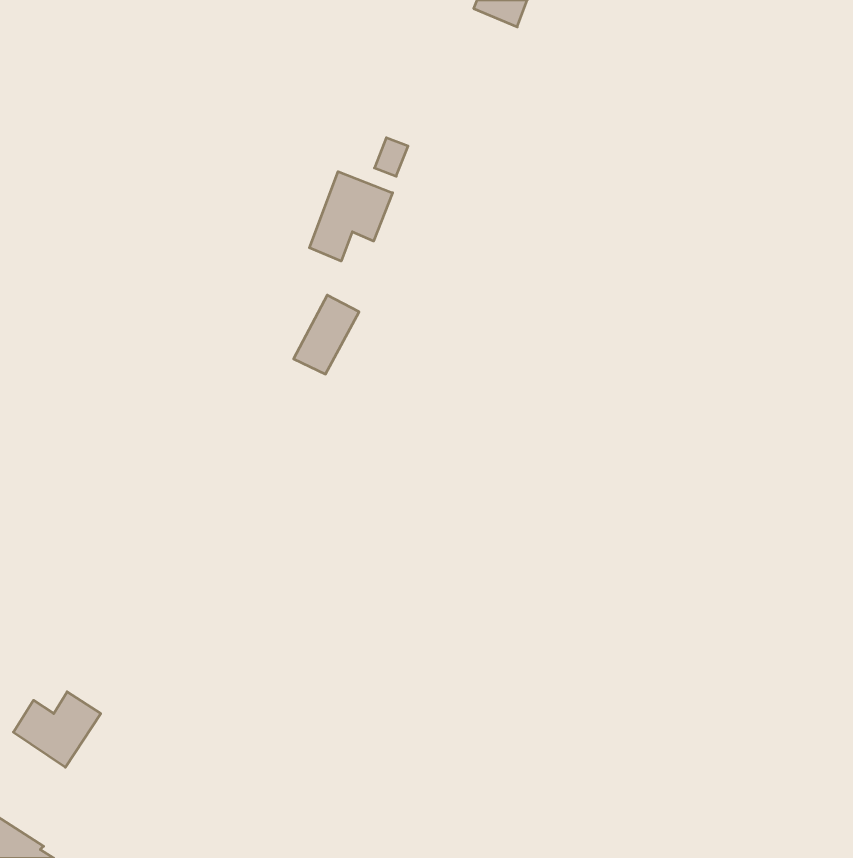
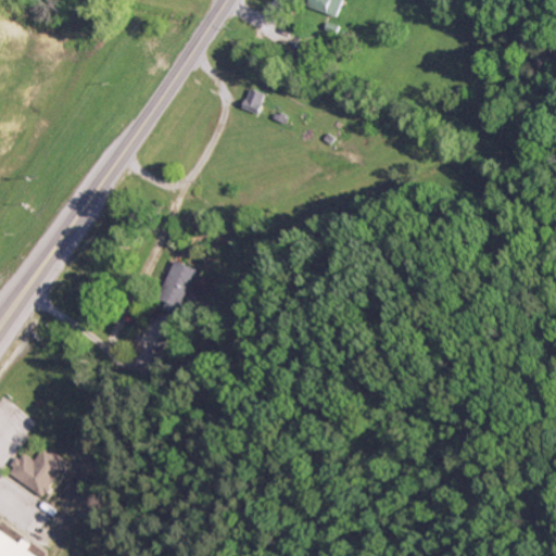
building: [309,172,393,261] -> none
building: [294,295,359,374] -> [153,261,195,312]

